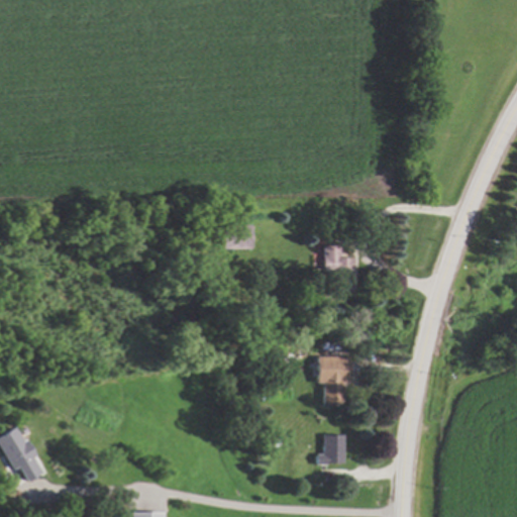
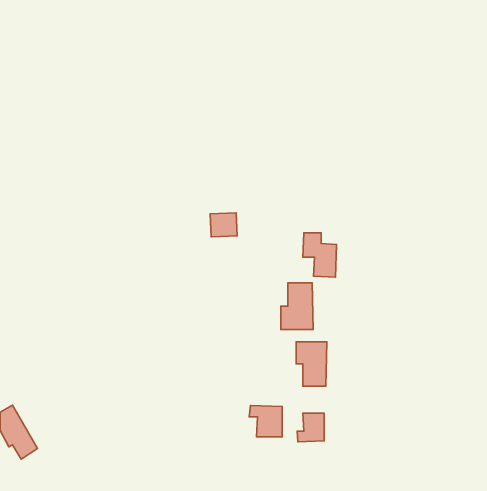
building: none -> [281,283,313,330]
building: none -> [249,405,282,437]

